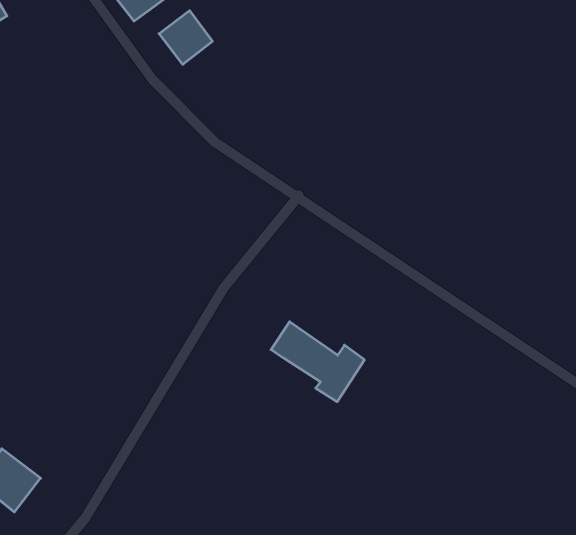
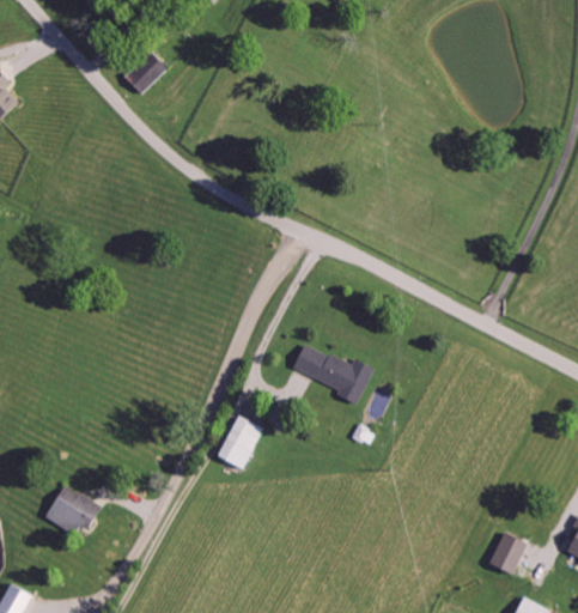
building: [159,11,212,64] -> none
building: none -> [212,412,262,471]

